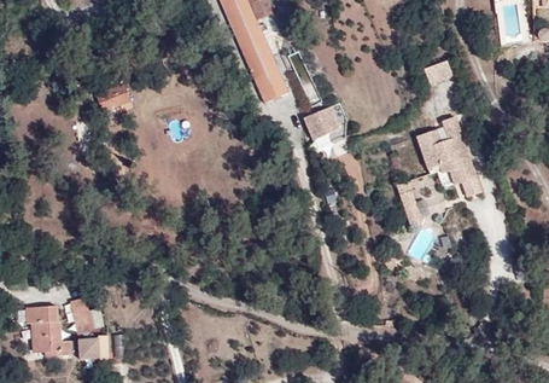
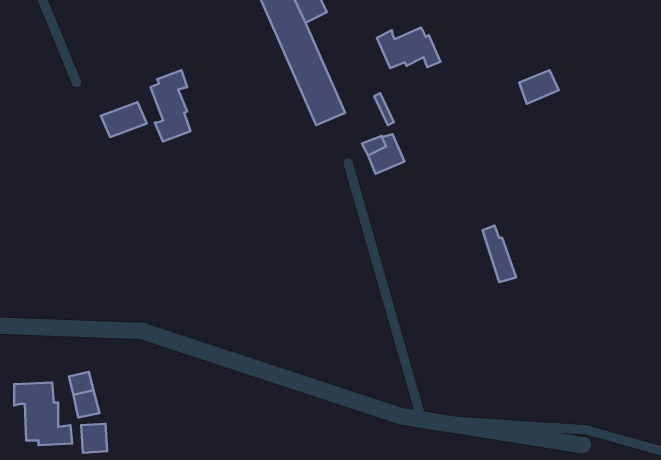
building: none -> [377,27,441,68]
building: none -> [150,70,190,142]
building: [414,116,481,198] -> none

